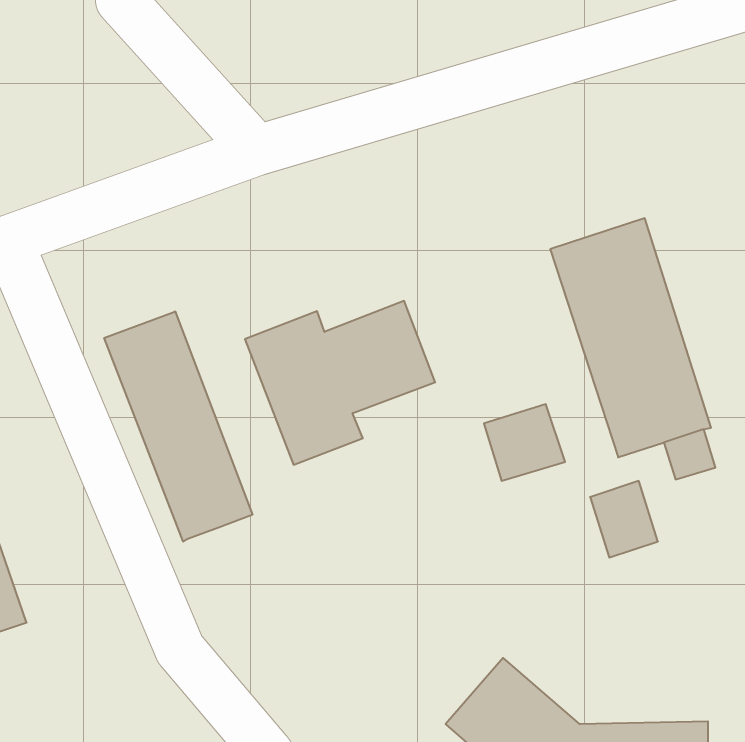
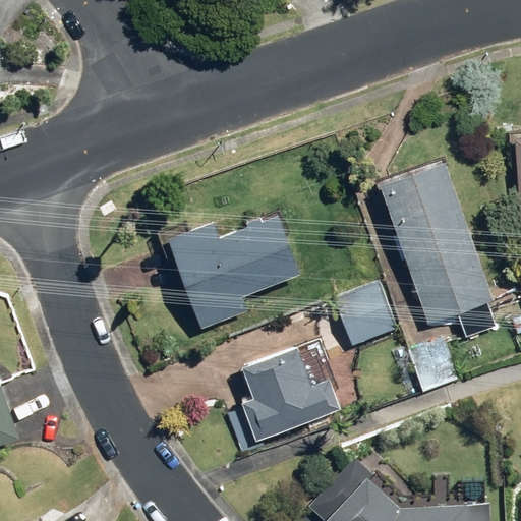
building: [104,311,252,542] -> none
building: none -> [242,347,341,441]

